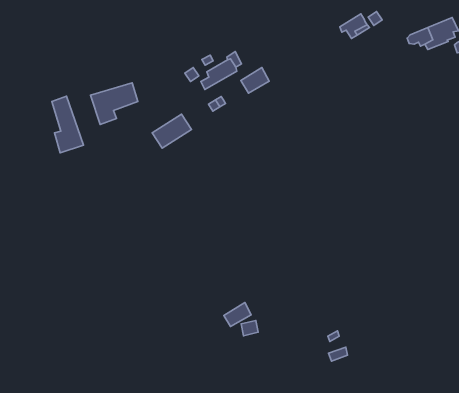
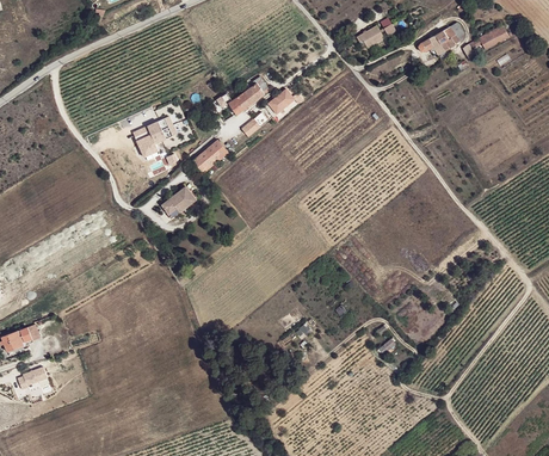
building: [52,96,83,153] -> none
building: none -> [160,186,195,218]

